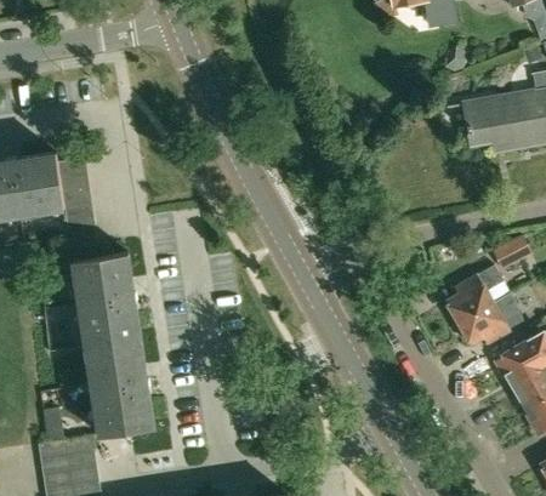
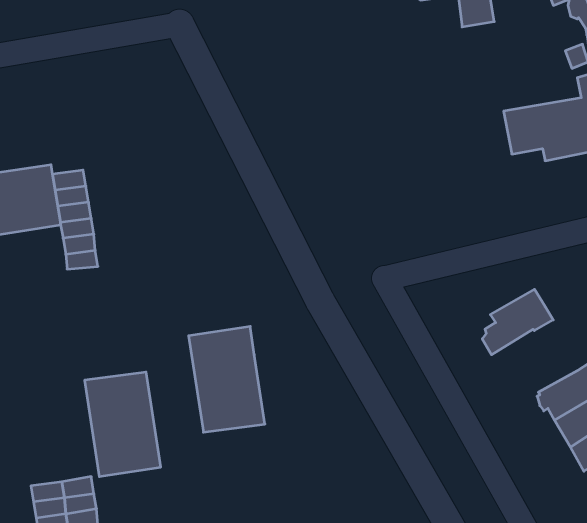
building: [491,238,535,274] -> none
building: [72,253,141,349] -> [189,326,265,432]
building: [454,295,521,344] -> none

